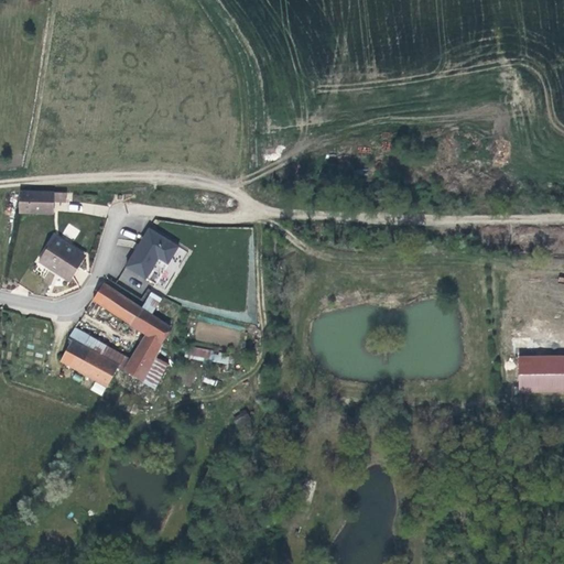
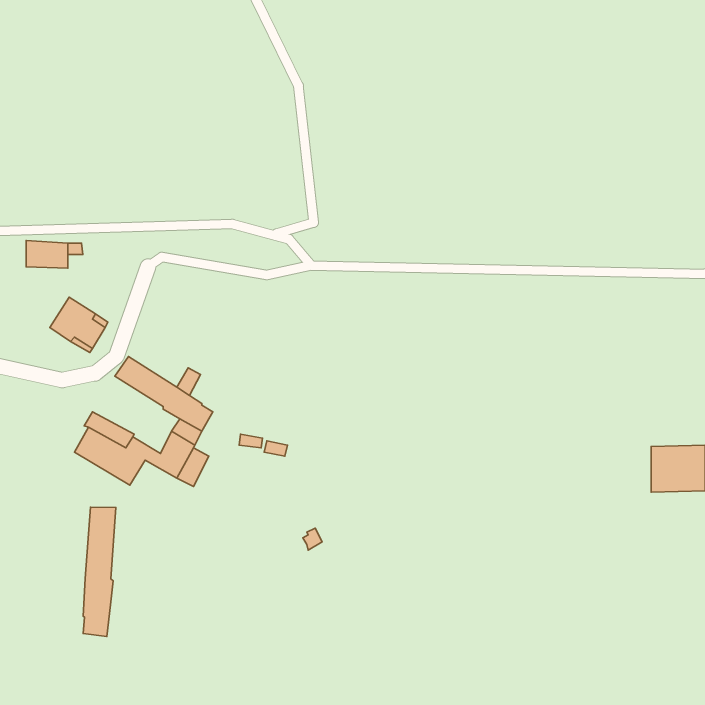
building: [126,228,178,278] -> none
building: none -> [83,507,116,637]

